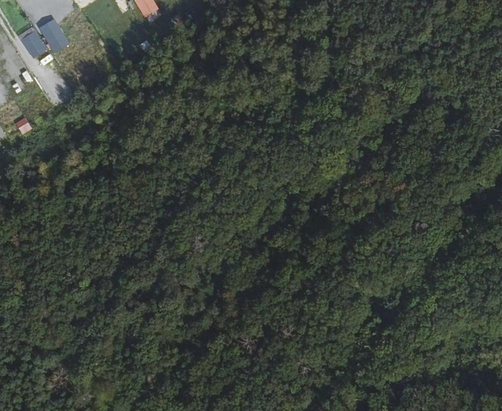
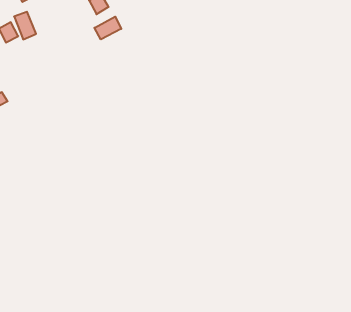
building: none -> [94,17,121,39]

